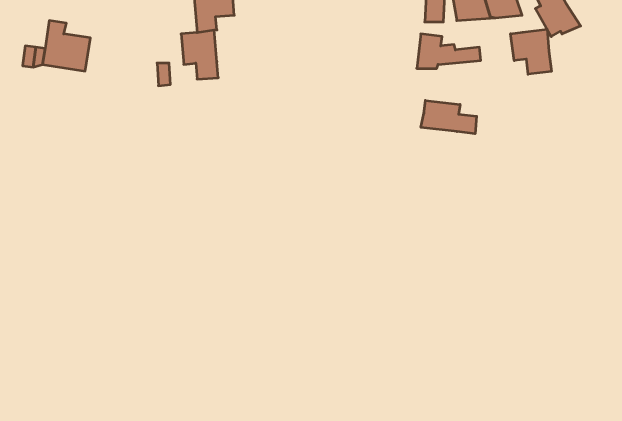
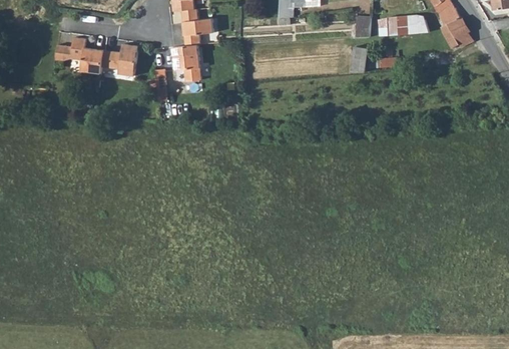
building: [511,29,551,74] -> none
building: none -> [100,43,138,79]
building: [421,100,477,134] -> none

